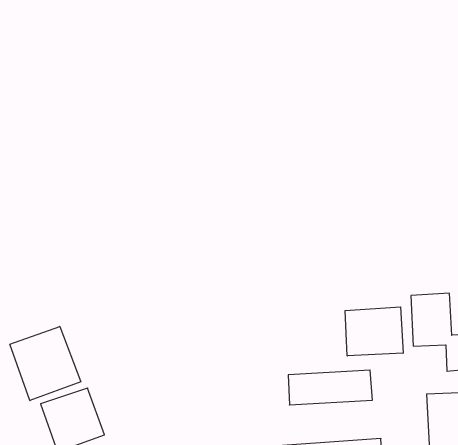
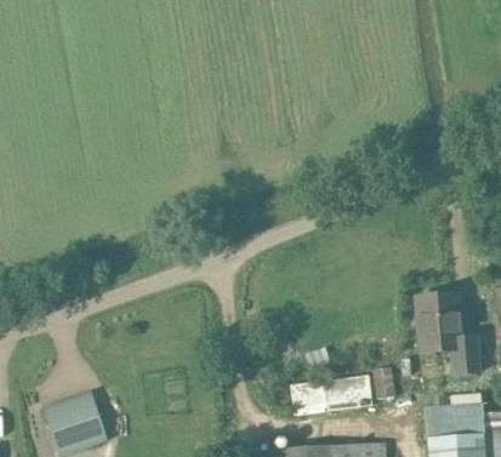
building: [345,307,403,356] -> none
building: [10,326,81,401] -> none

